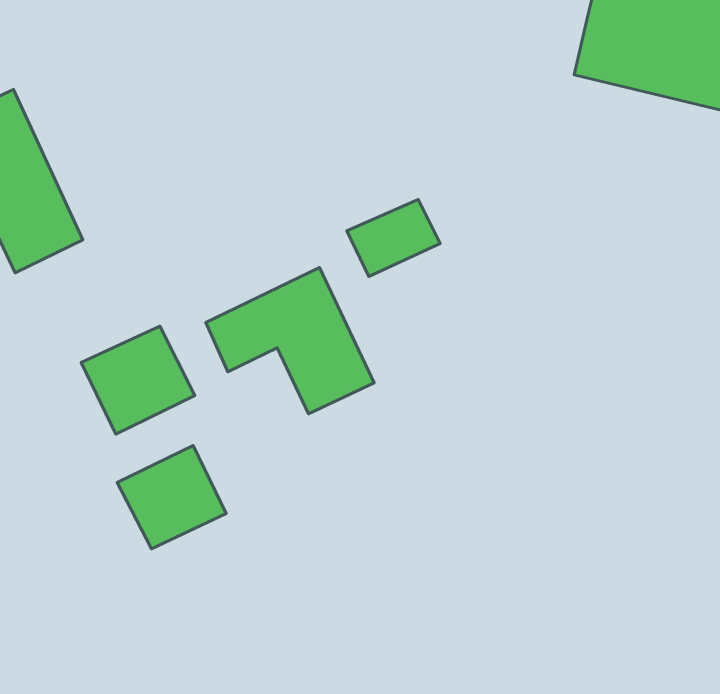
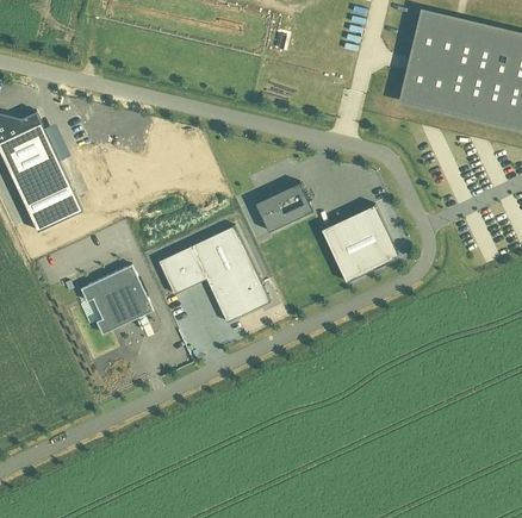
building: none -> [321,205,397,281]
building: [117,446,226,549] -> none

